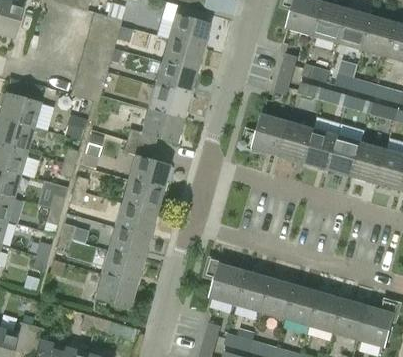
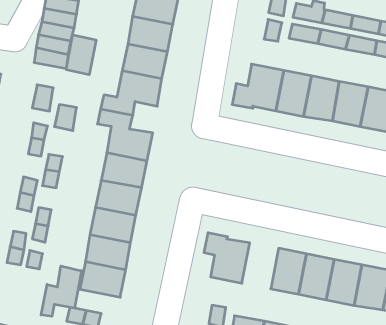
building: none -> [66,35,96,75]
building: [237,270,272,312] -> none
building: none -> [41,266,82,316]

